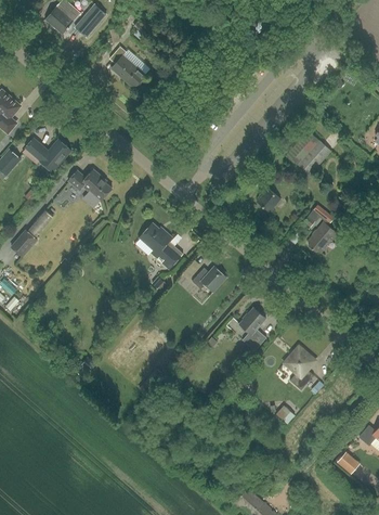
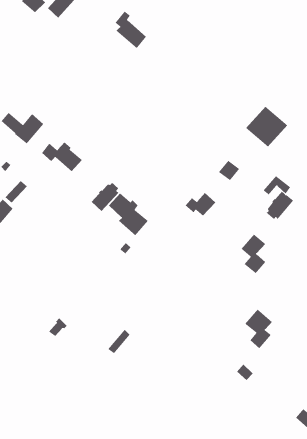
building: [109,44,144,86] -> [114,11,147,49]
building: none -> [91,182,119,212]
building: [191,266,224,292] -> [185,192,216,217]
building: [238,307,265,350] -> [241,234,266,274]

